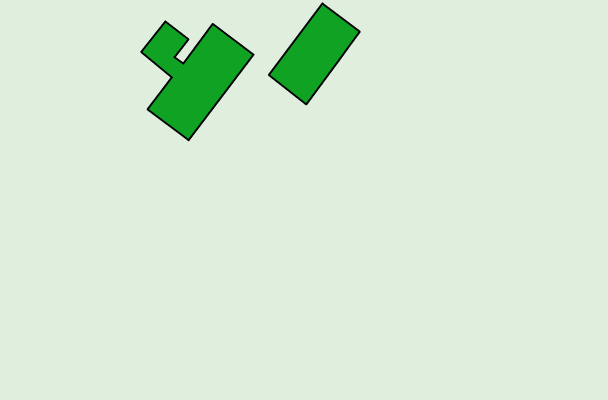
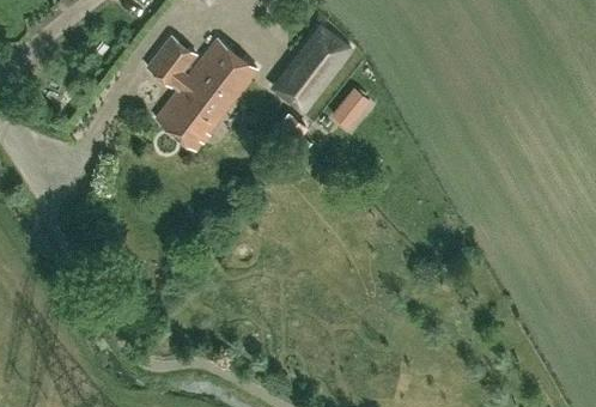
building: none -> [332,87,370,128]

